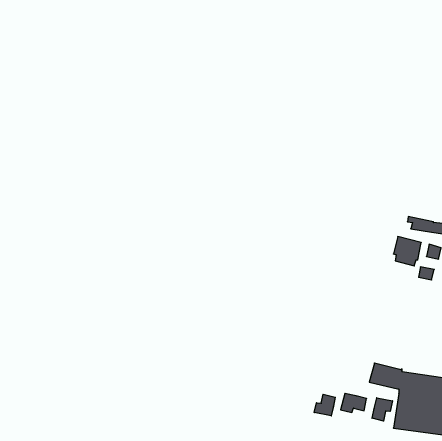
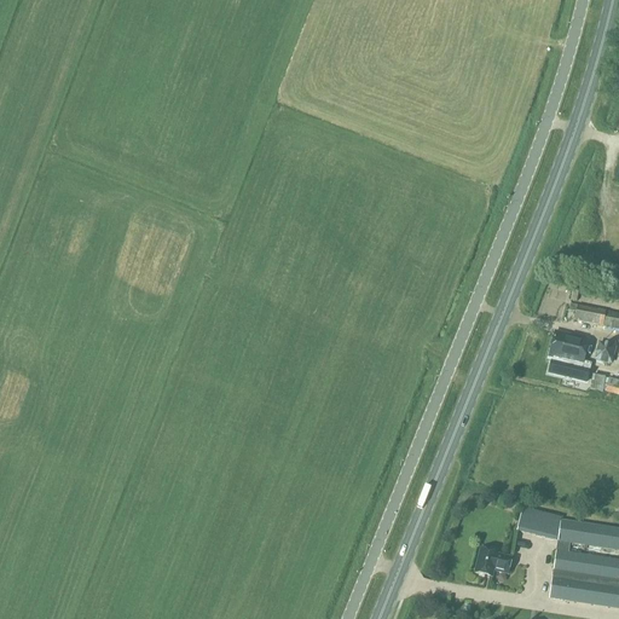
building: [314,394,335,416] -> none
building: [372,398,392,421] -> none

